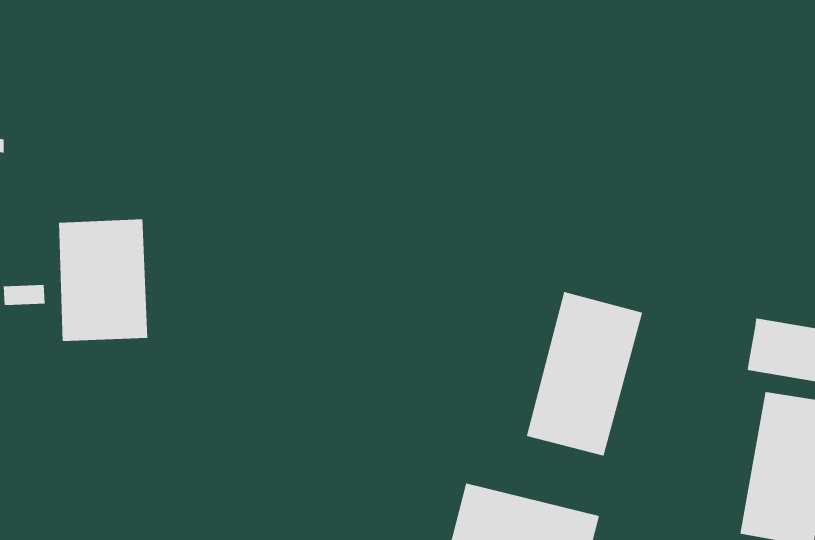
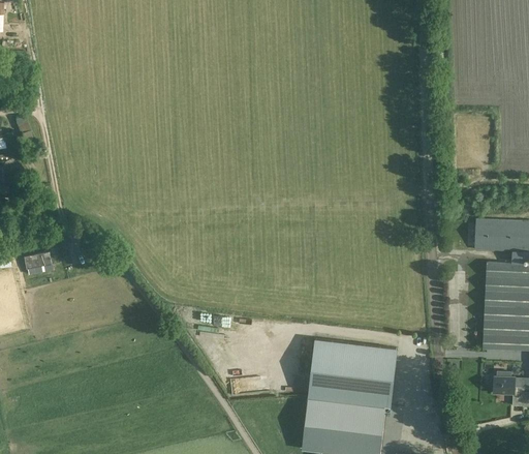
building: [58,218,148,342] -> none
building: [526,291,643,457] -> none

